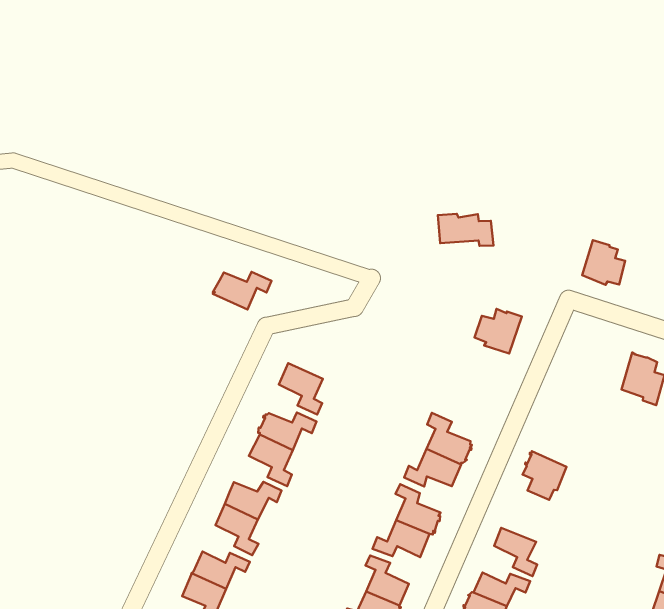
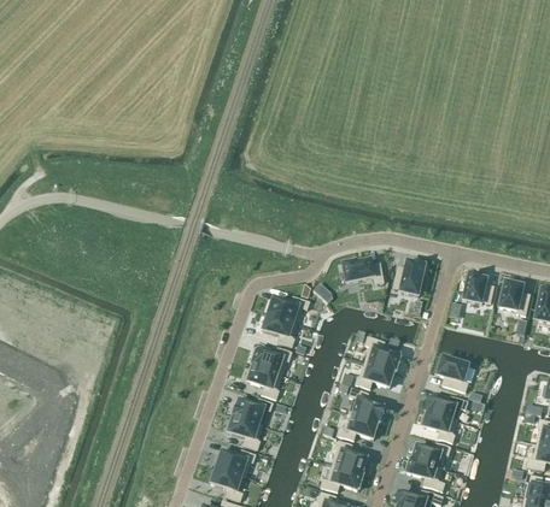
building: [438,214,494,246] -> [343,259,384,282]
building: [582,240,625,285] -> [464,273,493,303]
building: [213,272,271,310] -> [267,295,306,322]
building: none -> [426,396,466,419]

